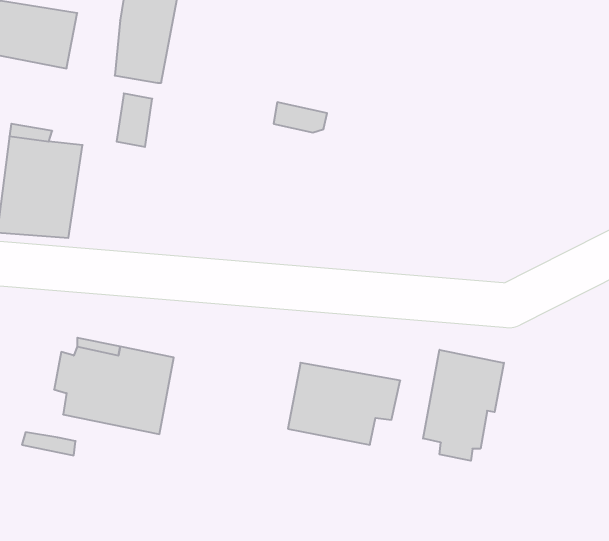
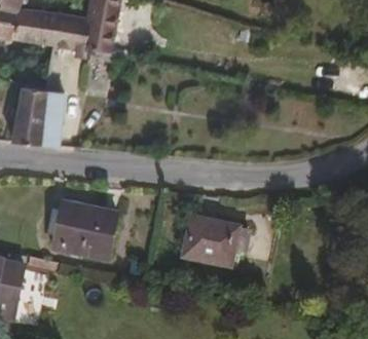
building: none -> [56,16,86,52]
building: [423,350,504,461] -> none

